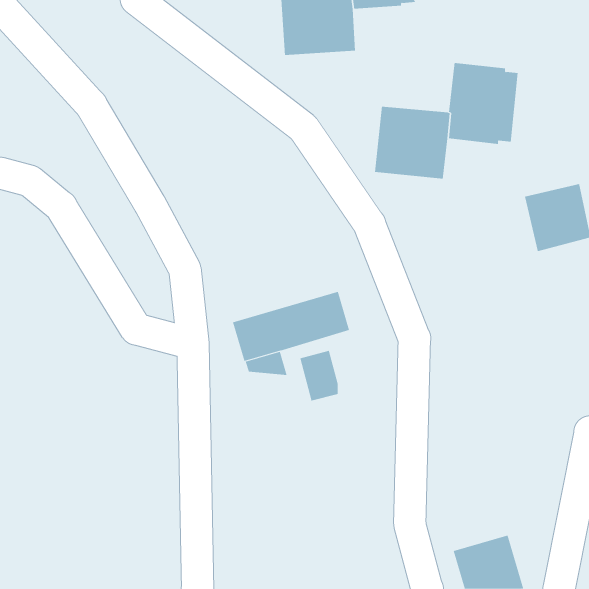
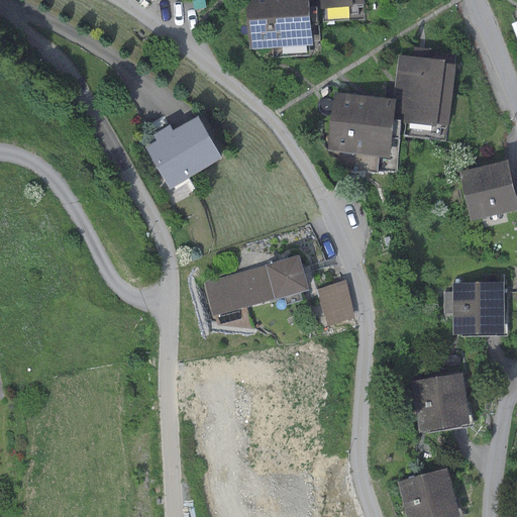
building: none -> [144,116,221,188]
building: none -> [444,282,505,335]
building: [299,350,339,401] -> [319,281,353,325]
building: none -> [412,373,469,431]

